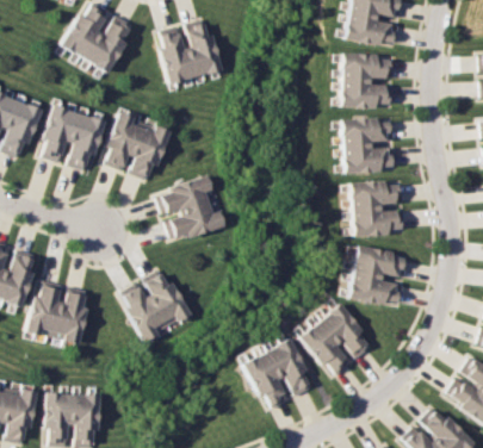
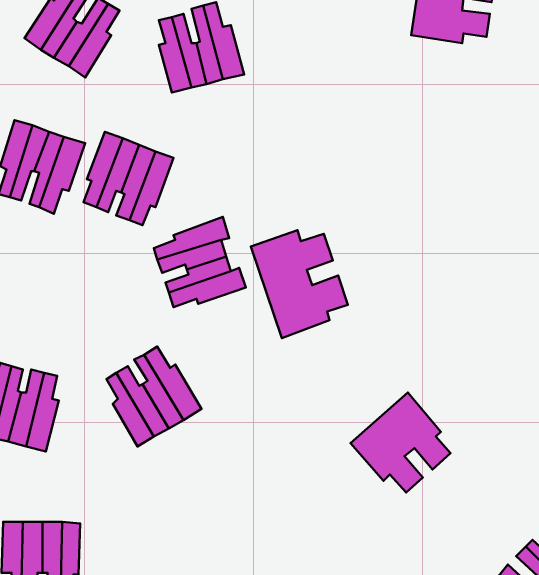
building: [339,54,395,110] -> none
building: [340,116,397,174] -> none
building: [348,180,405,238] -> none
building: none -> [251,230,348,338]
building: [346,247,409,307] -> none
building: [241,338,311,410] -> none

